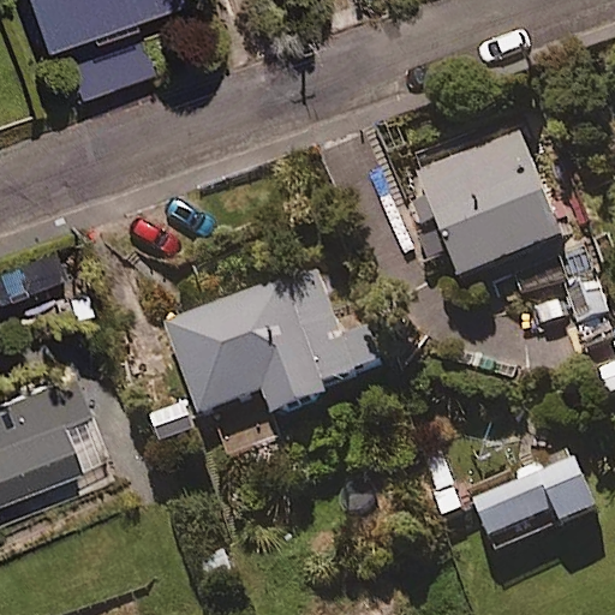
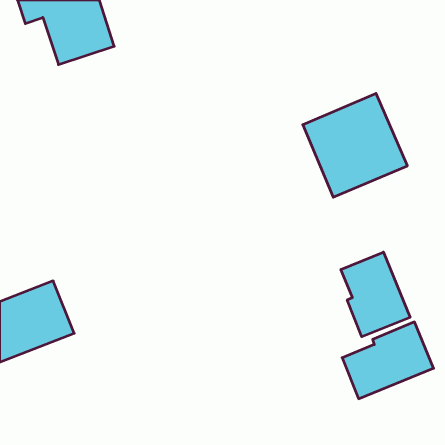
building: [165,268,389,411] -> none
building: none -> [341,252,410,337]

